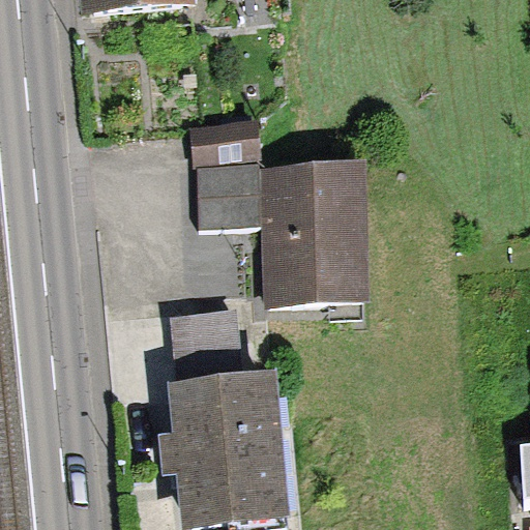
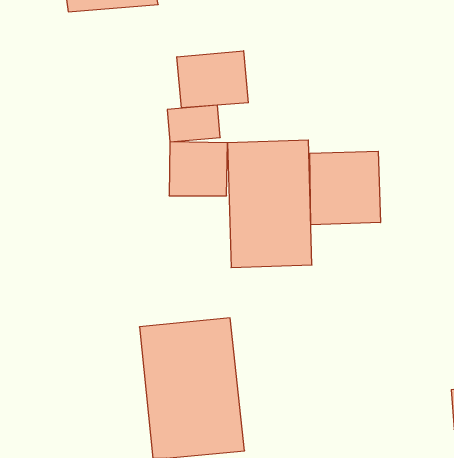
building: none -> [177,51,248,108]
building: none -> [310,151,380,225]

